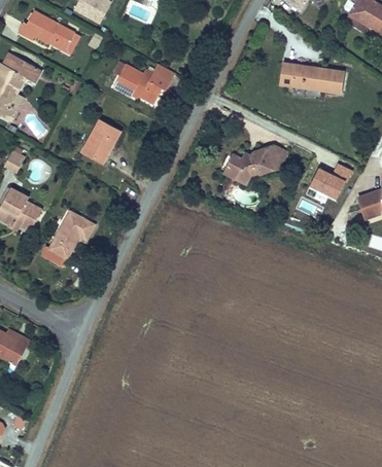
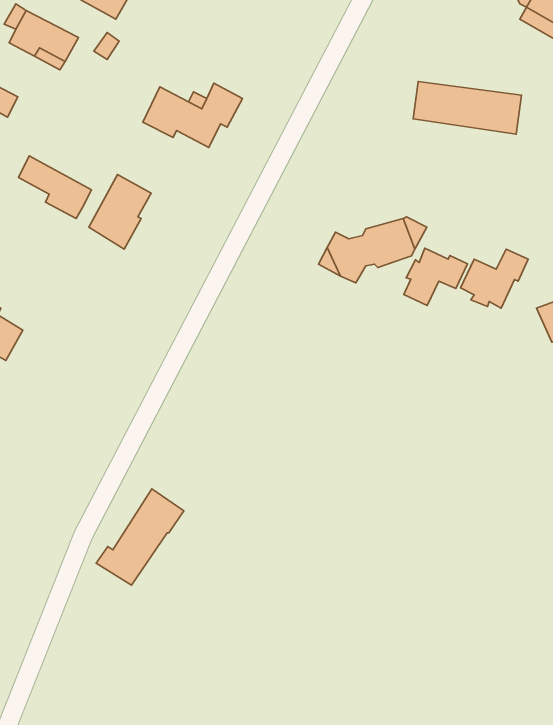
building: none -> [19,156,91,218]
building: none -> [404,248,468,306]
building: [41,213,95,272] -> [96,489,184,585]

